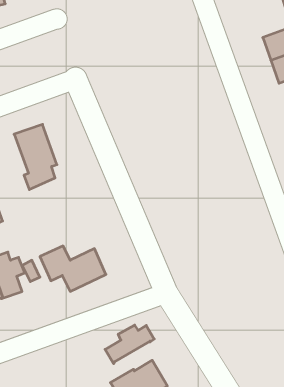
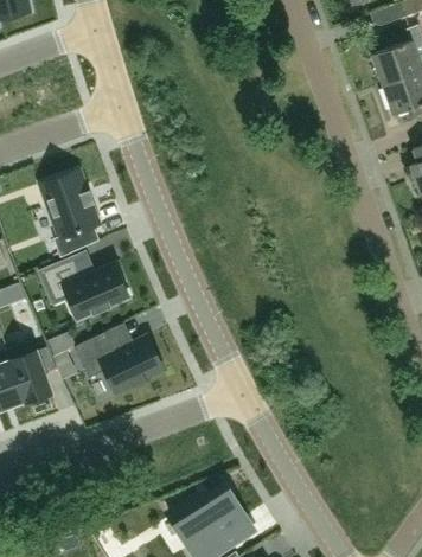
building: none -> [39,257,129,320]
building: [105,325,154,364] -> none

